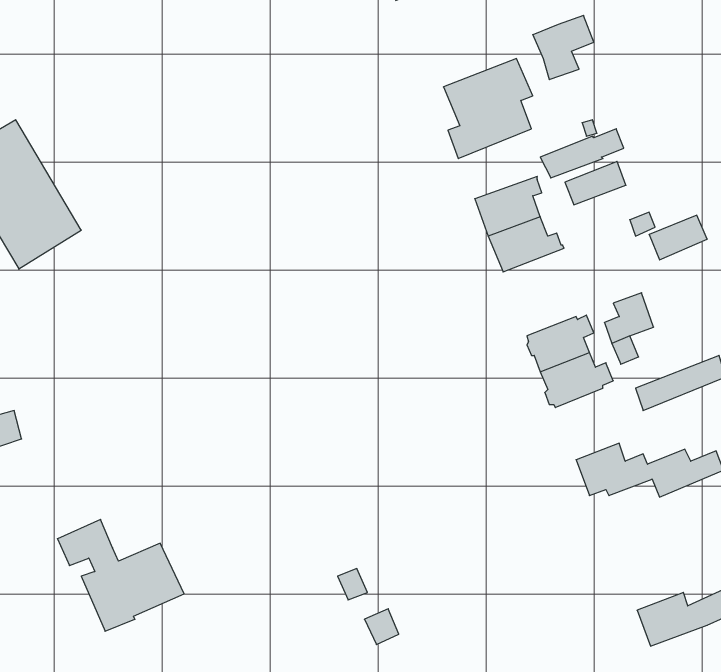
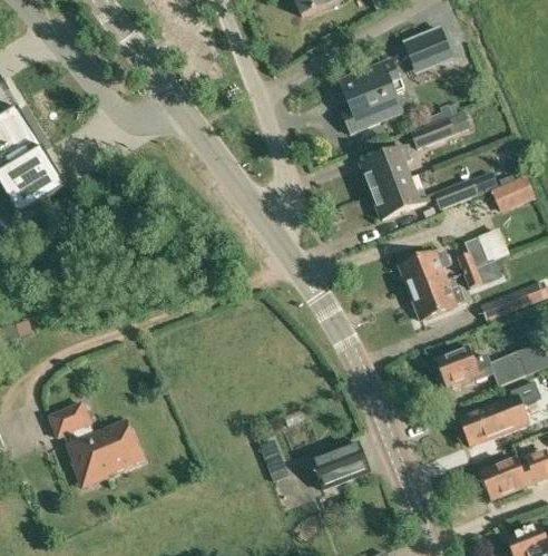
building: [565,161,626,205] -> [432,176,478,208]
building: none -> [460,394,528,445]
building: none -> [311,440,370,490]

